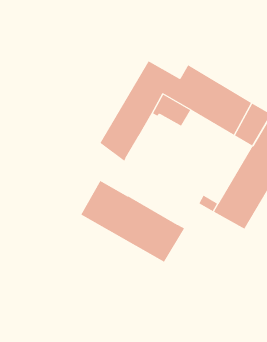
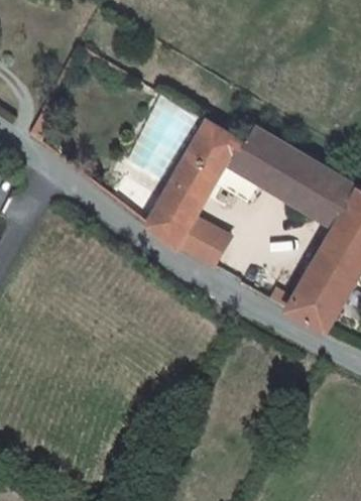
building: none -> [178,215,230,263]
building: [81,180,185,263] -> none

